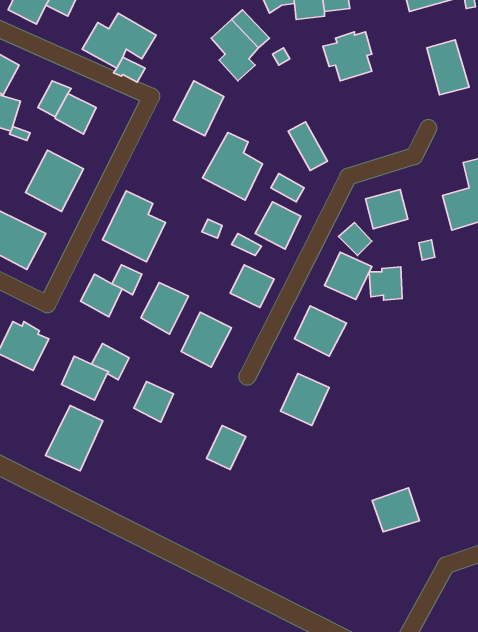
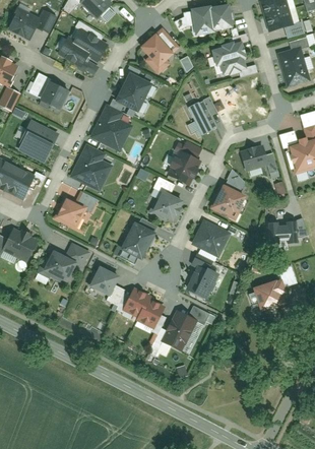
building: [203,132,262,200] -> [90,108,129,151]
building: [369,267,402,300] -> [276,218,298,240]
building: [141,282,188,334] -> none
building: [46,406,103,471] -> none
building: none -> [125,287,149,315]
building: none -> [161,309,195,347]
building: [372,488,419,532] -> [255,281,286,310]

